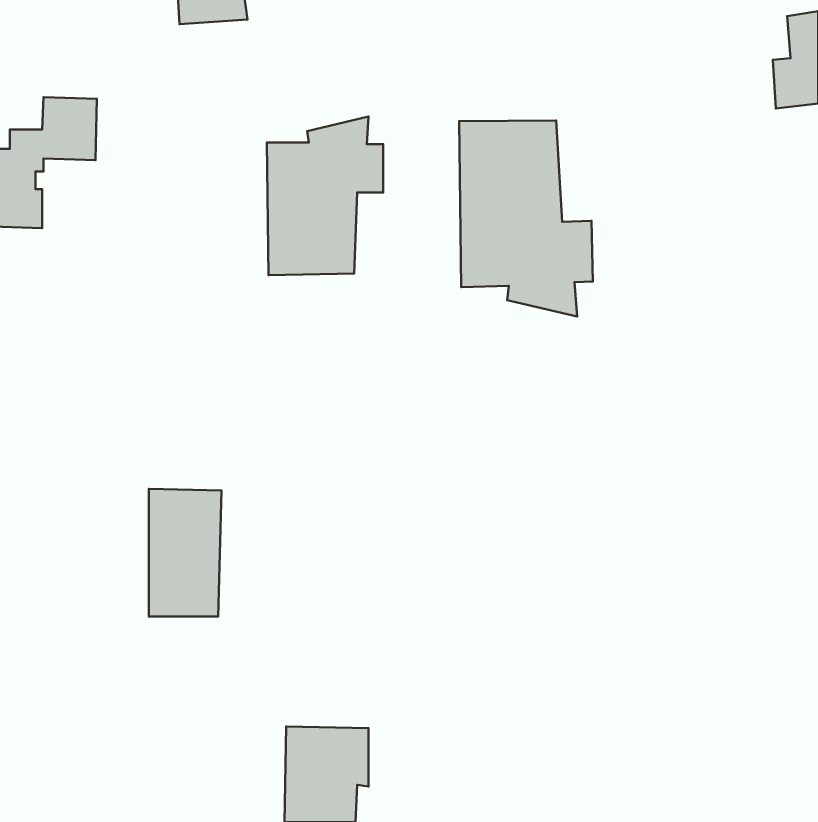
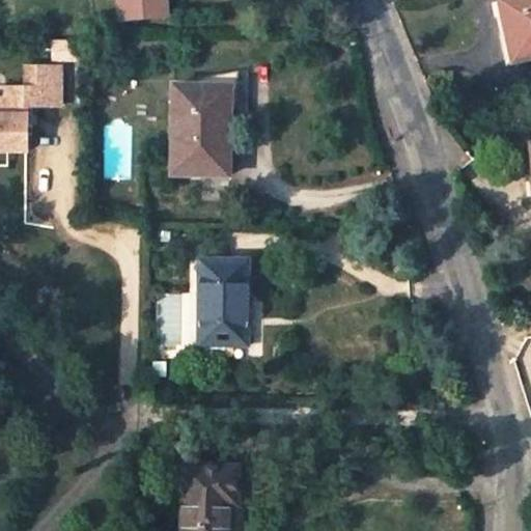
building: [459,121,593,316] -> none
building: [149,489,222,617] -> [200,263,247,345]

